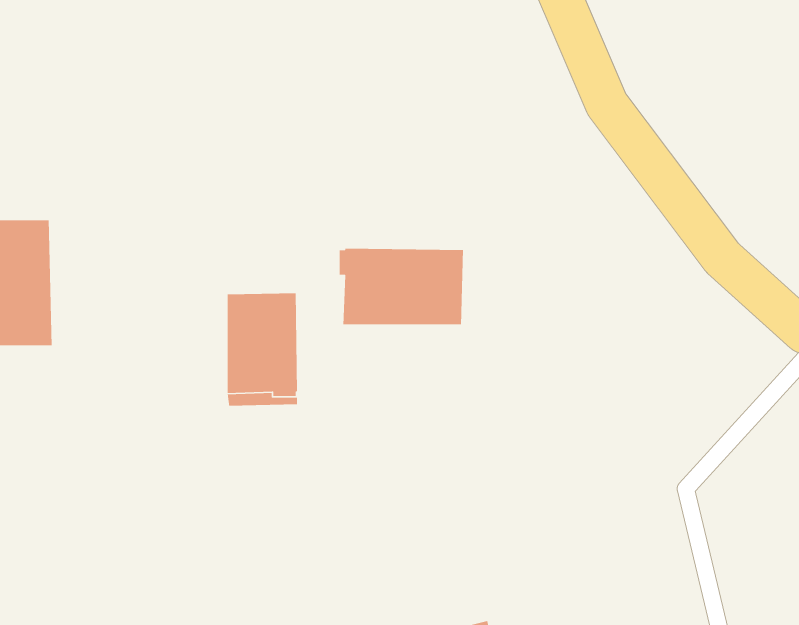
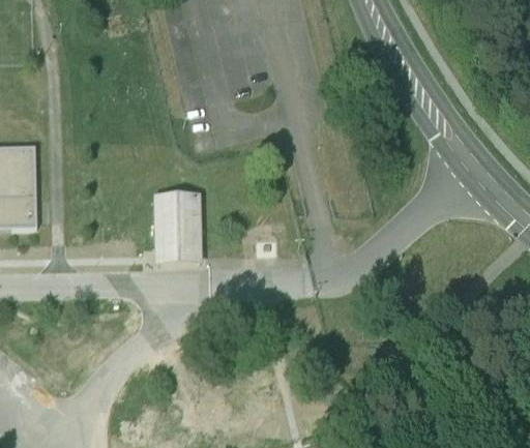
building: [339,248,464,325] -> none

